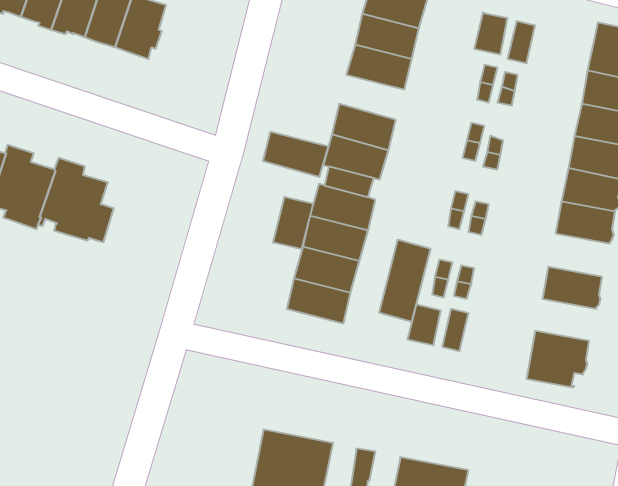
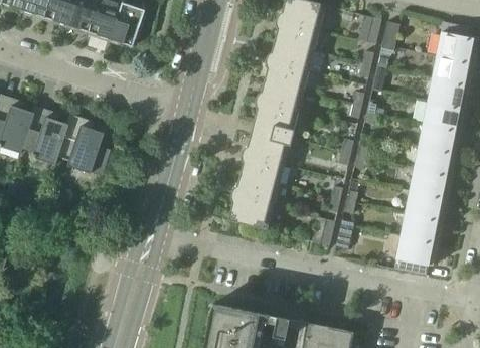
building: [263,132,328,177] -> [264,57,309,89]
building: [273,197,313,249] -> none
building: none -> [409,167,451,197]
building: [379,240,430,322] -> none
building: none -> [399,212,442,241]

